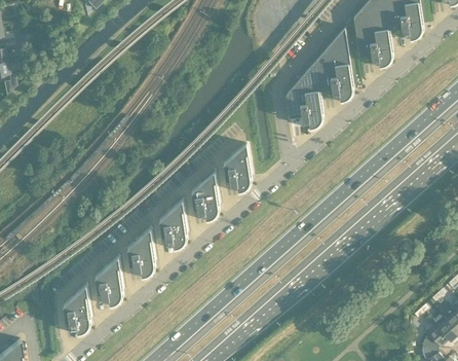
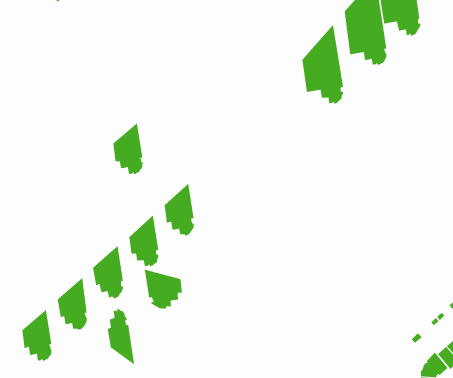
building: [285,61,323,130] -> none
building: [223,144,252,193] -> [112,122,144,177]
building: none -> [144,269,182,309]
building: none -> [107,308,135,366]

